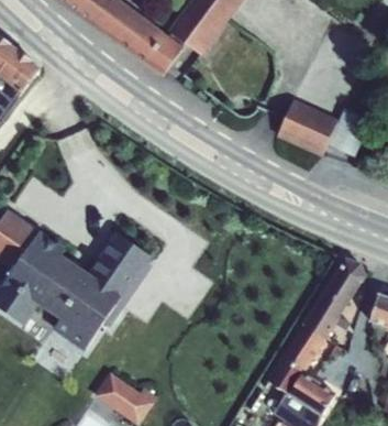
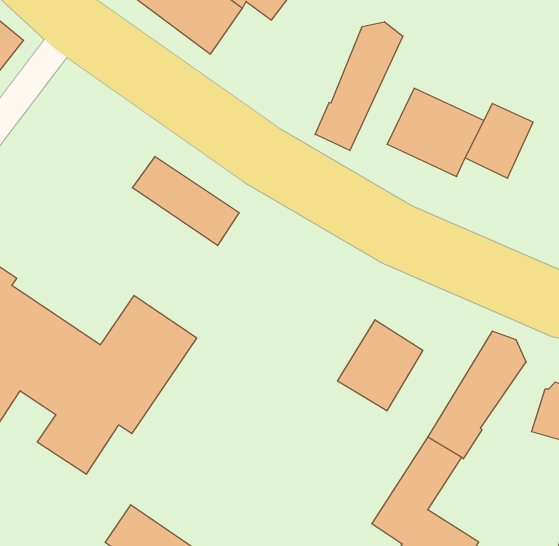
building: none -> [315,22,403,151]
building: none -> [132,156,239,246]
building: none -> [338,320,423,411]

